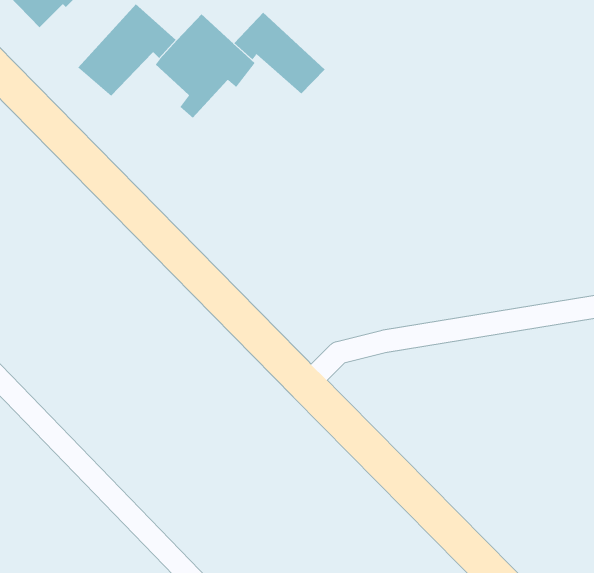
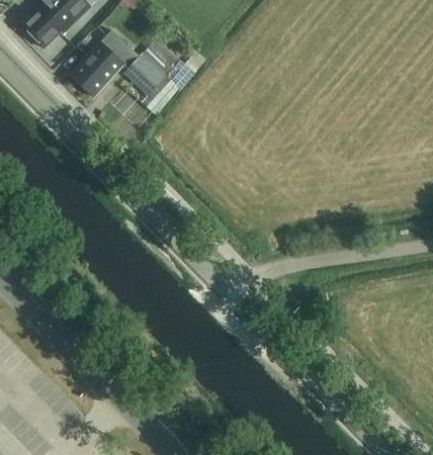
building: [234,12,326,94] -> none

